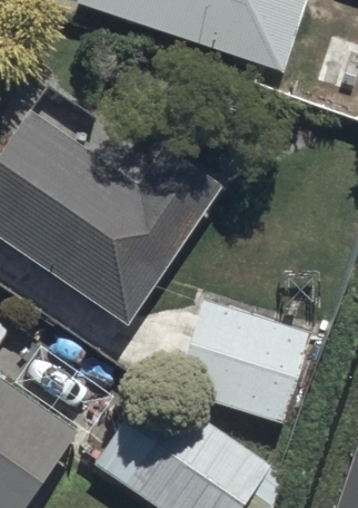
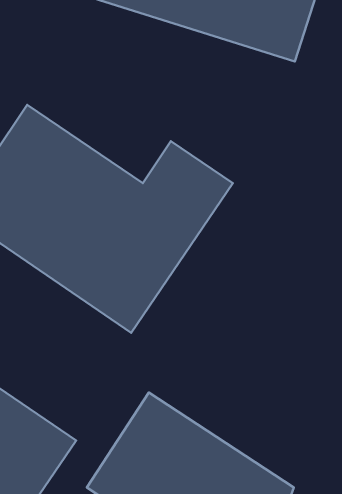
building: [173,302,311,423] -> none

